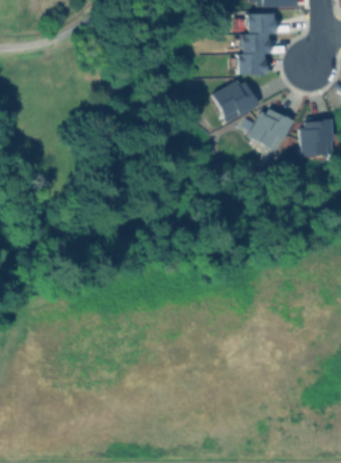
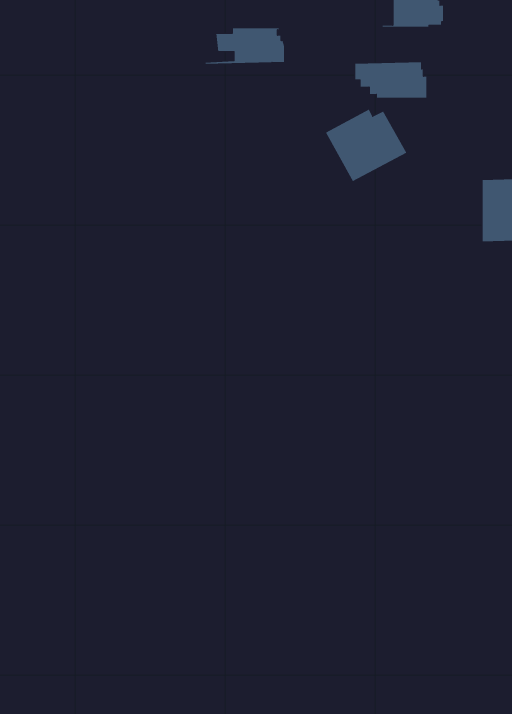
building: [228,33,273,54] -> [205,28,285,64]
building: [246,106,293,152] -> none

